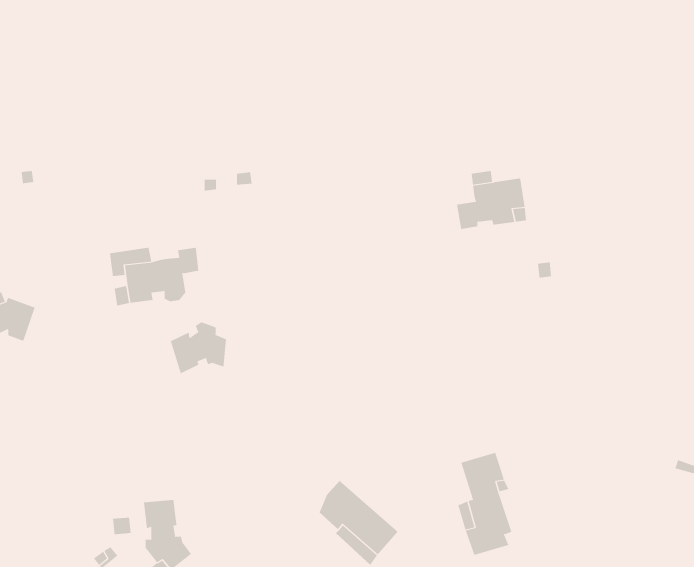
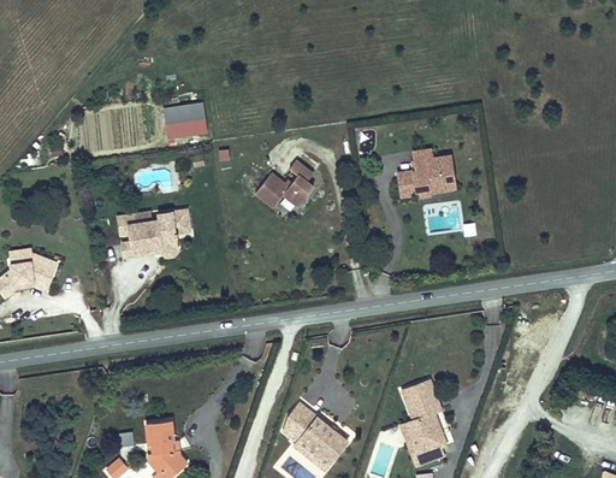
building: none -> [164,102,207,140]
building: none -> [257,161,315,207]
building: [170,322,226,374] -> none

